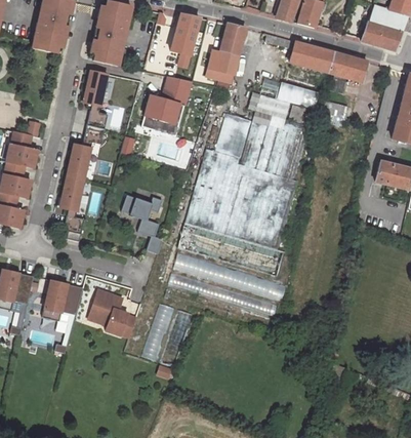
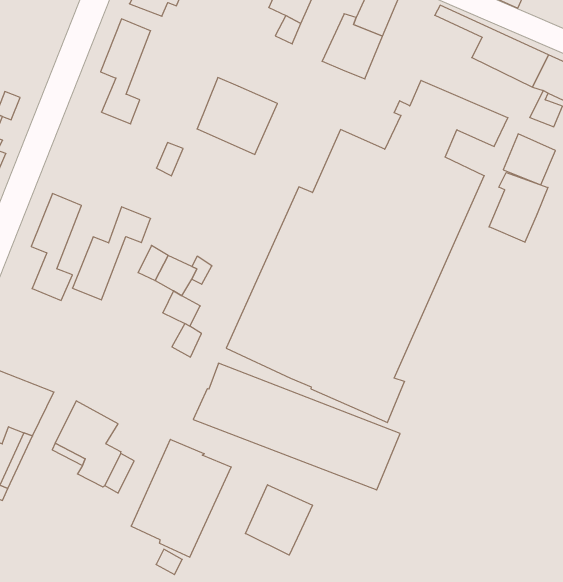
building: [162,75,191,104] -> none
building: none -> [489,173,548,242]
building: [67,124,105,178] -> [72,207,151,300]
building: none -> [245,485,312,555]

